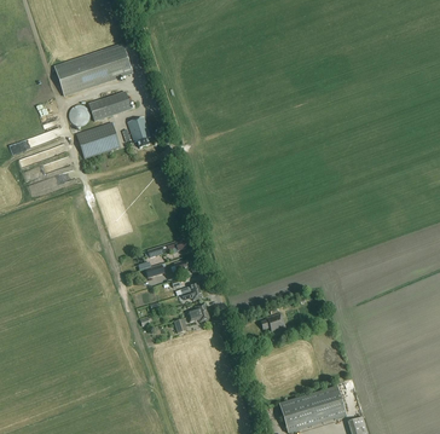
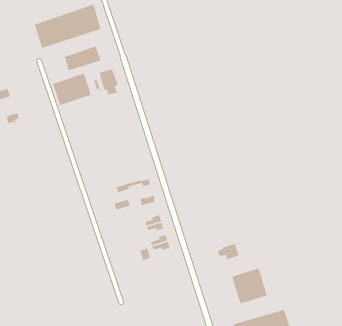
building: none -> [231,268,268,305]

